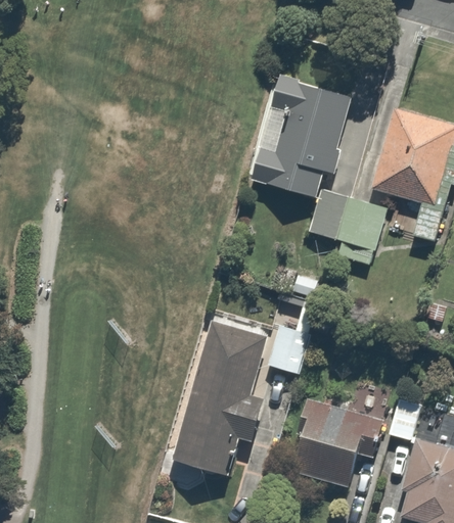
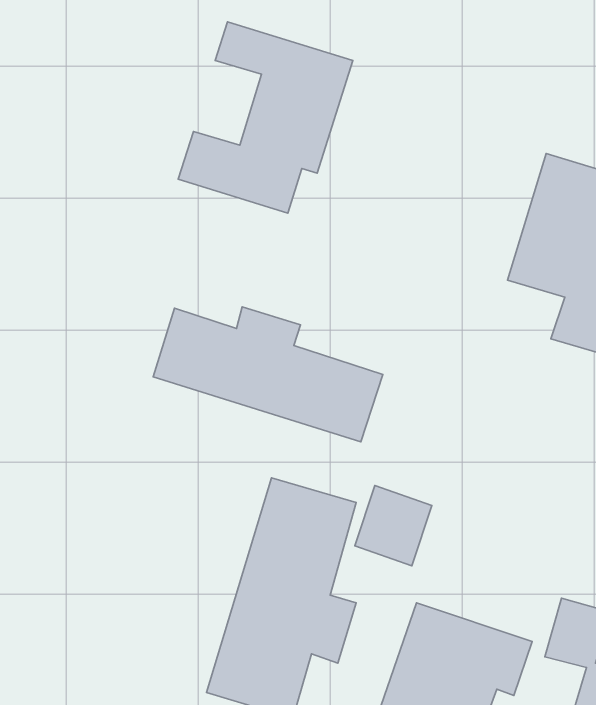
building: [243,69,359,196] -> [178,22,353,213]
building: [313,191,392,265] -> none
building: none -> [153,307,383,442]

